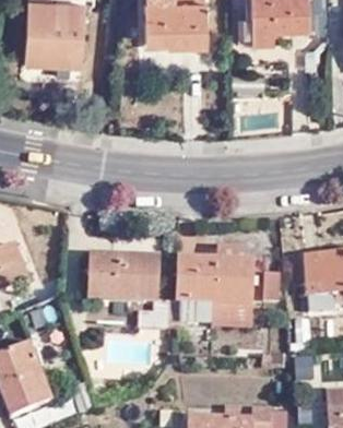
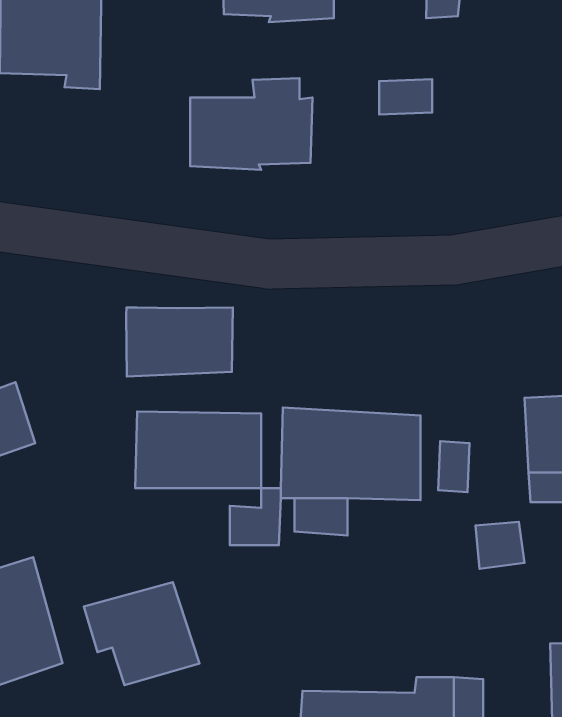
building: none -> [190,78,313,170]
building: none -> [126,307,233,376]
building: none -> [84,582,200,685]

